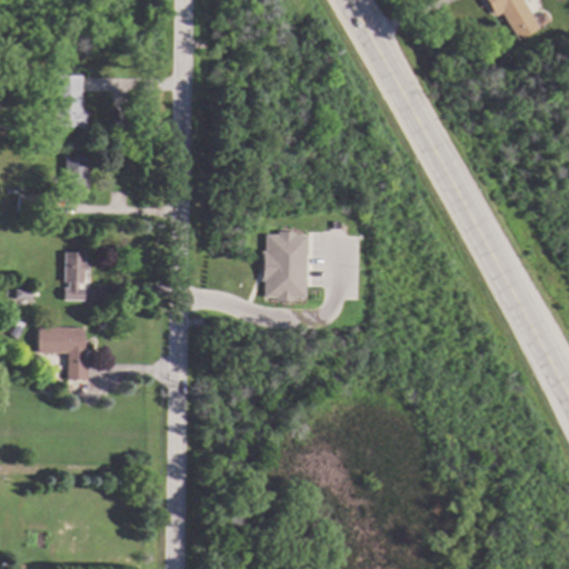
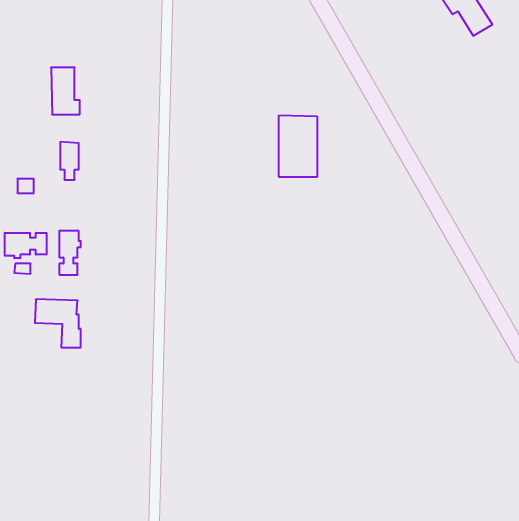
building: [263,232,306,299] -> [279,116,317,177]
building: none -> [5,233,46,258]

